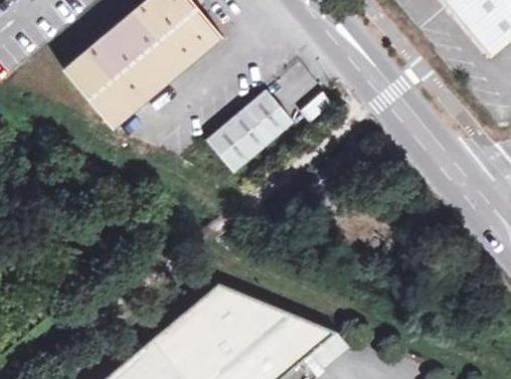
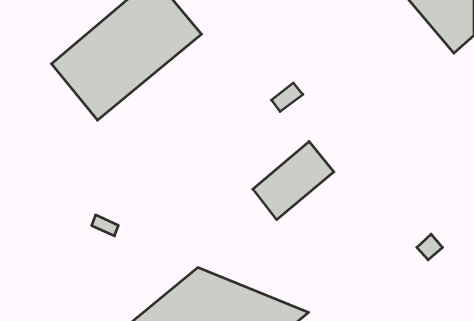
building: [207,90,293,173] -> [253,141,334,220]

